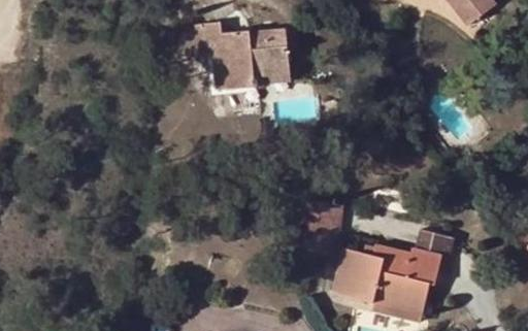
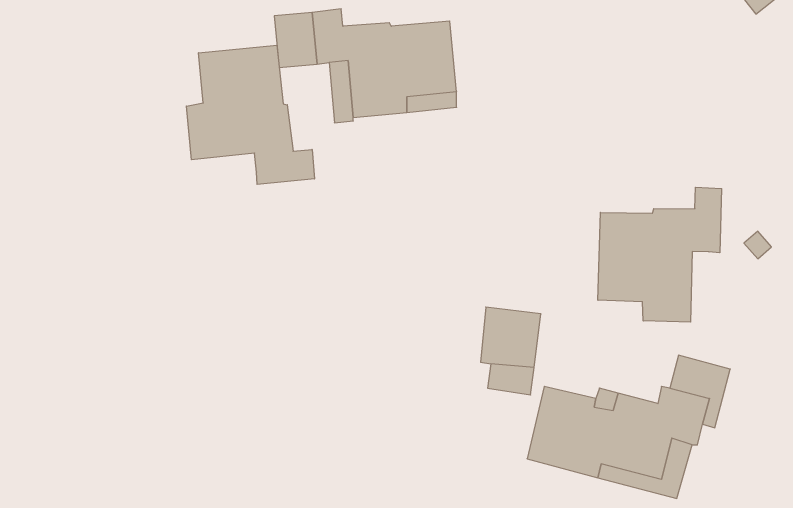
building: none -> [186,45,314,184]
building: none -> [598,187,722,322]

